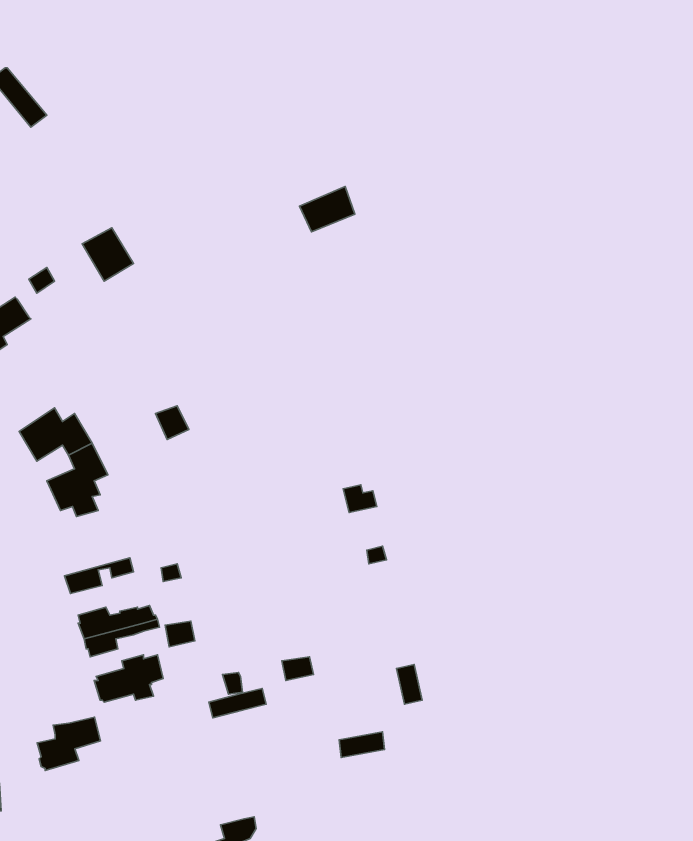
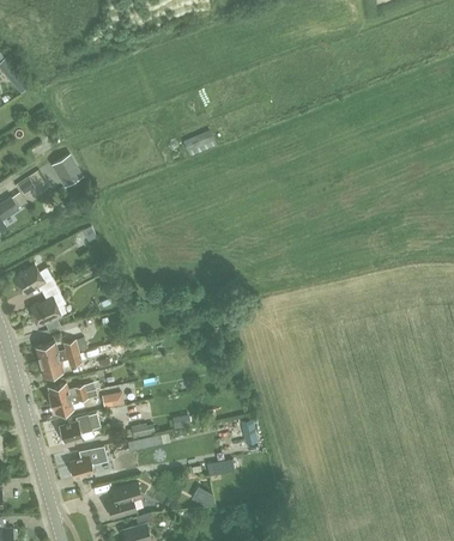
building: none -> [35,336,87,365]
building: [37,717,101,771] -> [68,445,107,478]
building: none -> [107,482,140,517]

